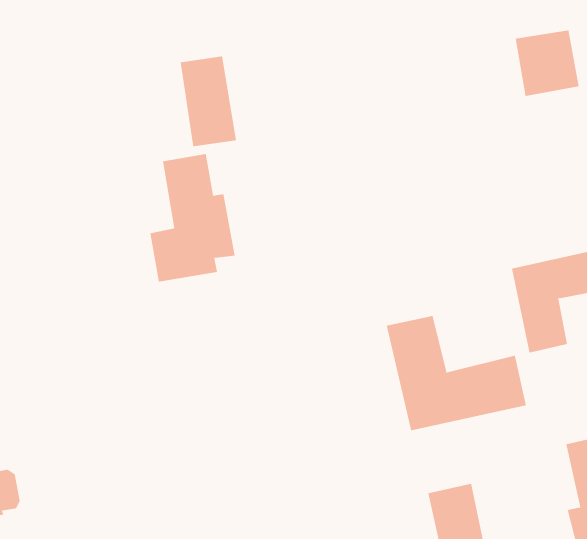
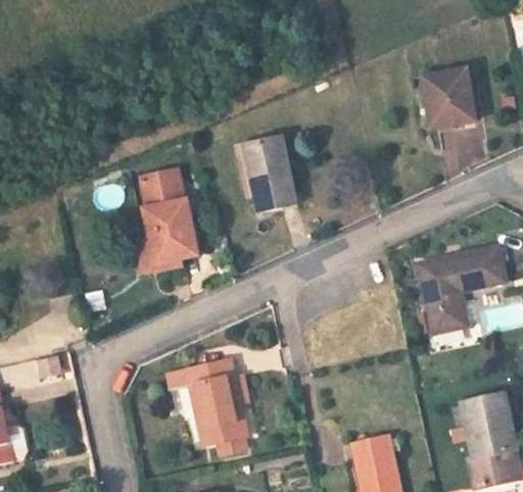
building: [180,56,237,147] -> [244,137,290,210]
building: [386,315,526,431] -> none
building: none -> [185,373,243,456]

